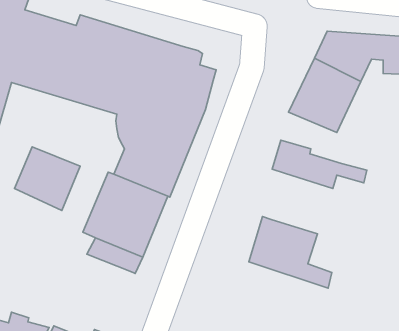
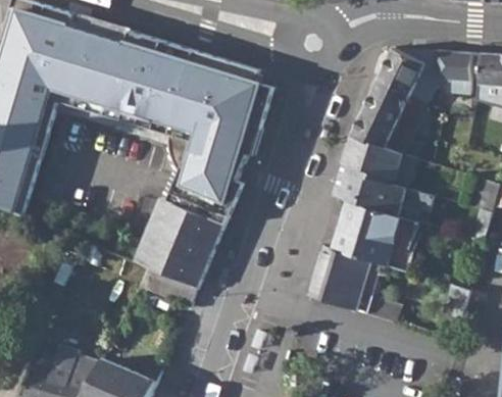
building: none -> [343,134,415,188]
building: [15,147,80,210] -> none
building: none -> [333,198,416,268]

